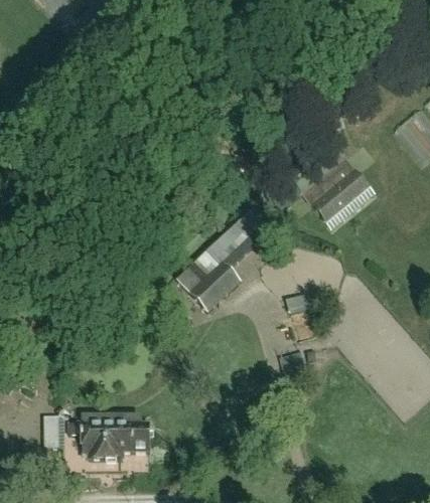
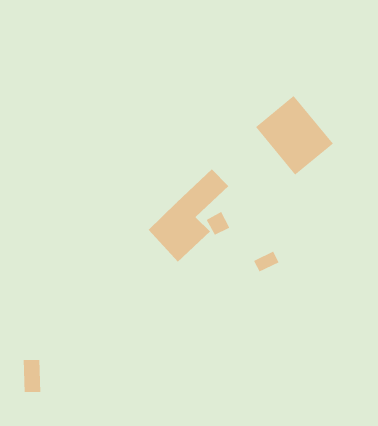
building: [74,414,149,459] -> none

